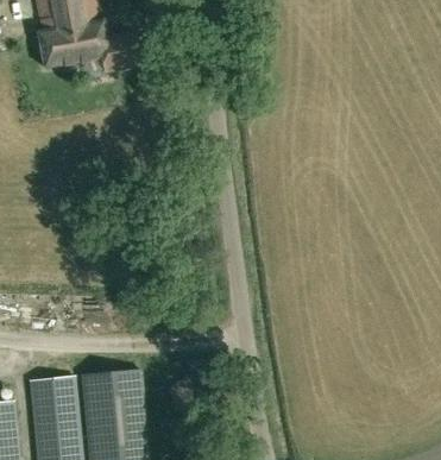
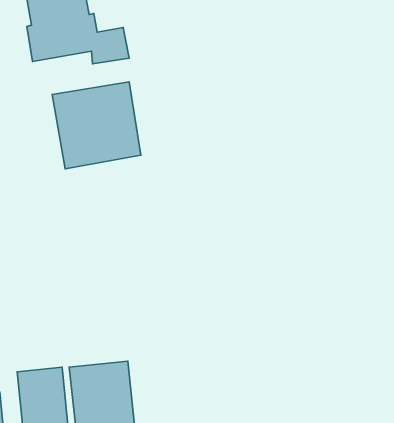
building: none -> [52,82,141,169]

